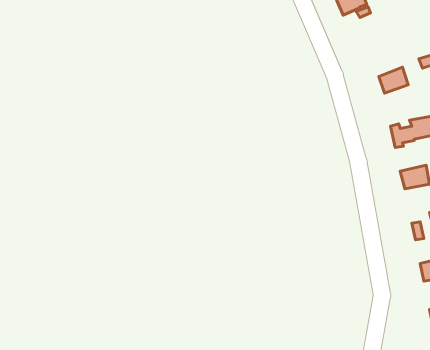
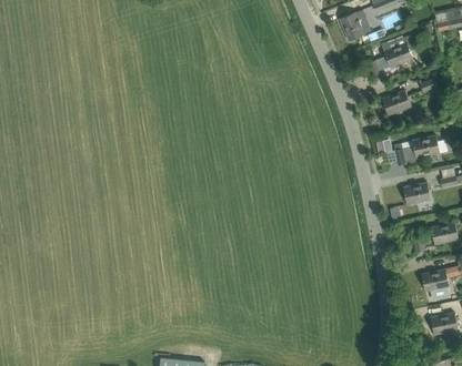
building: none -> [368,35,414,78]

